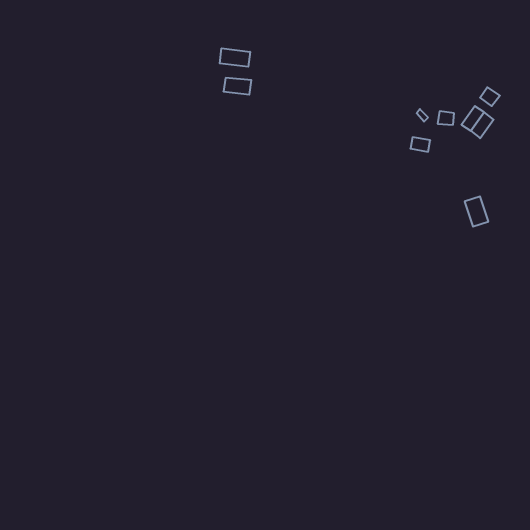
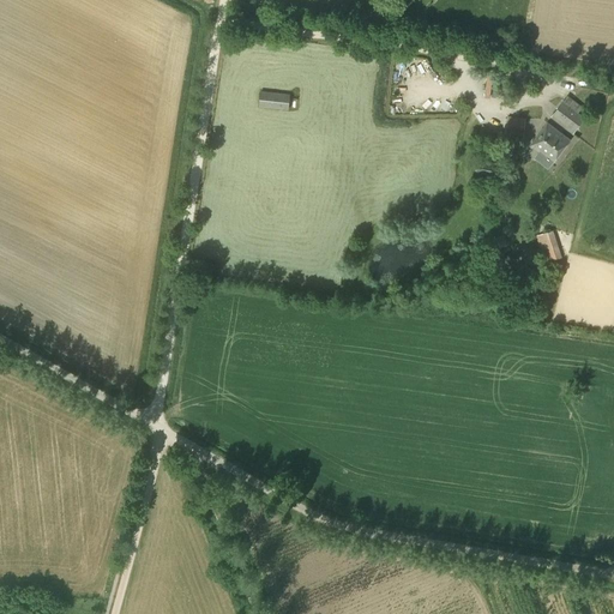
building: [220,48,250,67] -> none

